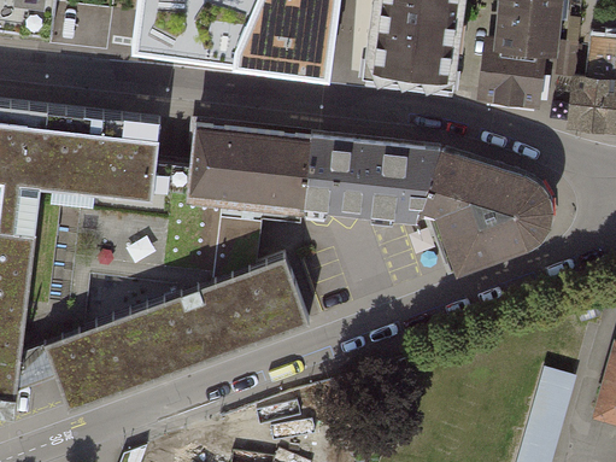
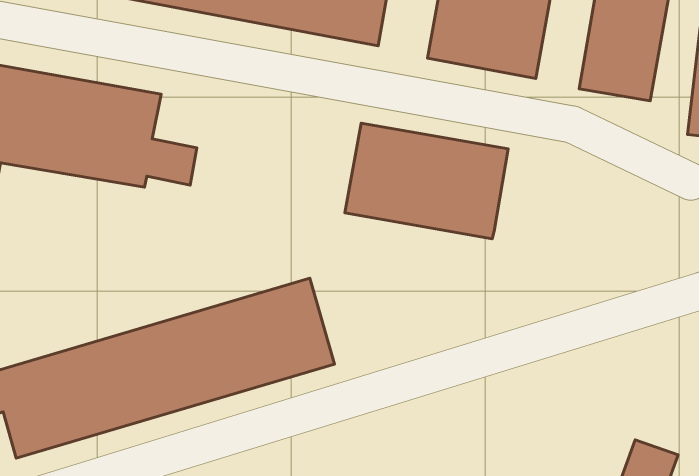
building: [189,122,318,206] -> none
building: [426,150,558,271] -> none

